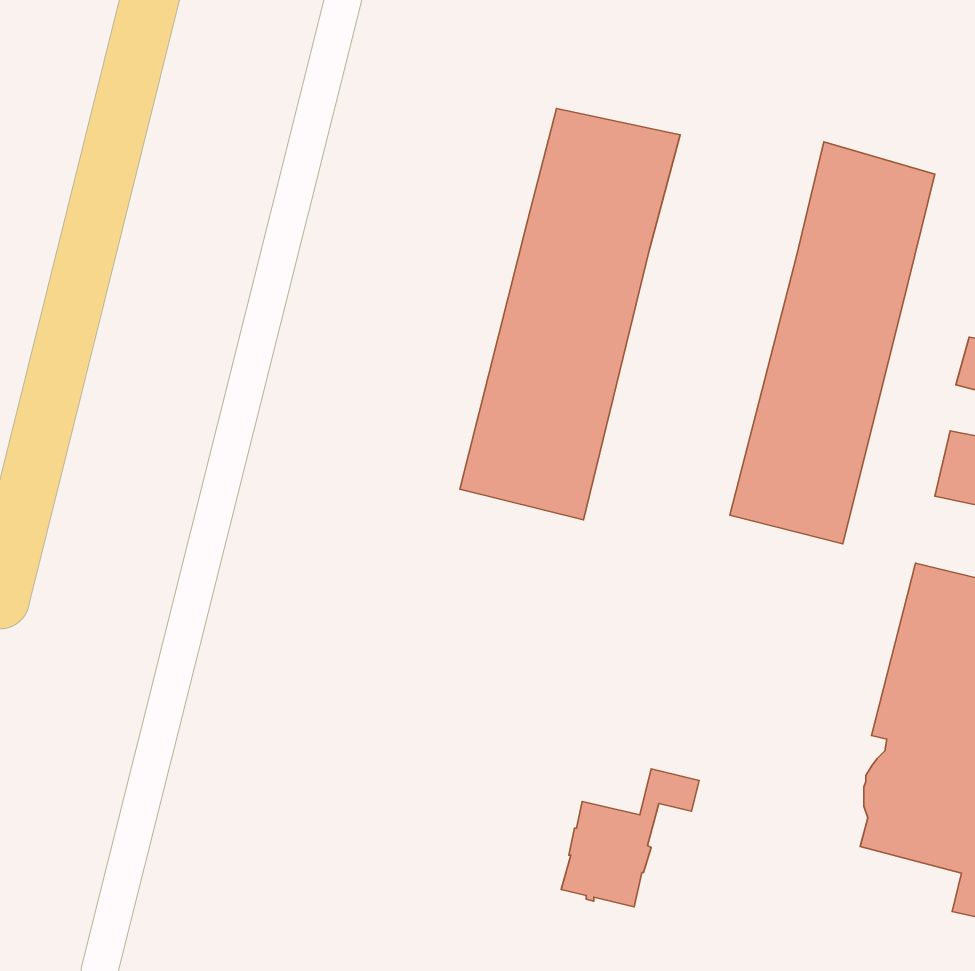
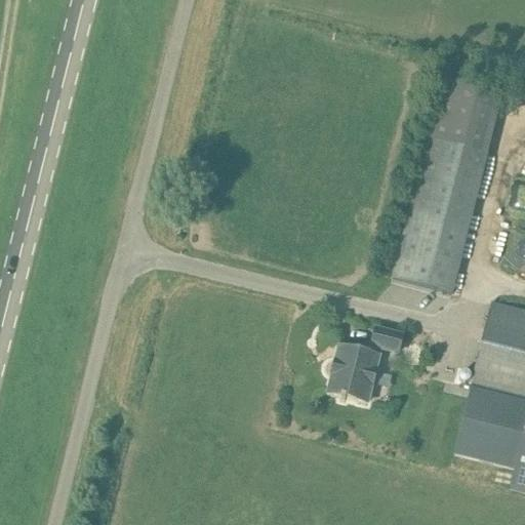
building: [460,108,680,520] -> none
building: [561,769,699,907] -> [329,327,403,401]

